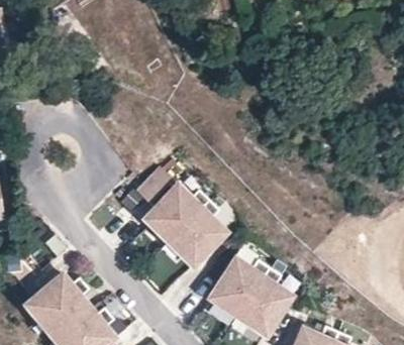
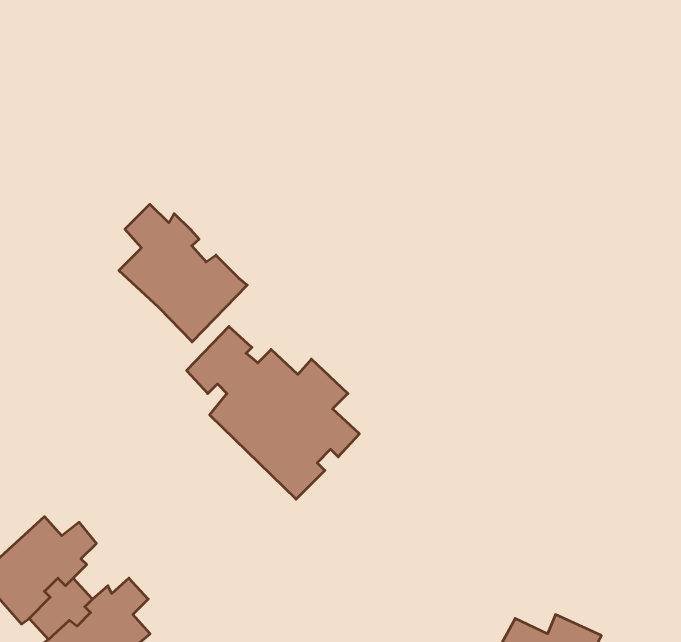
building: none -> [119,204,247,342]
building: [210,259,290,335] -> none

